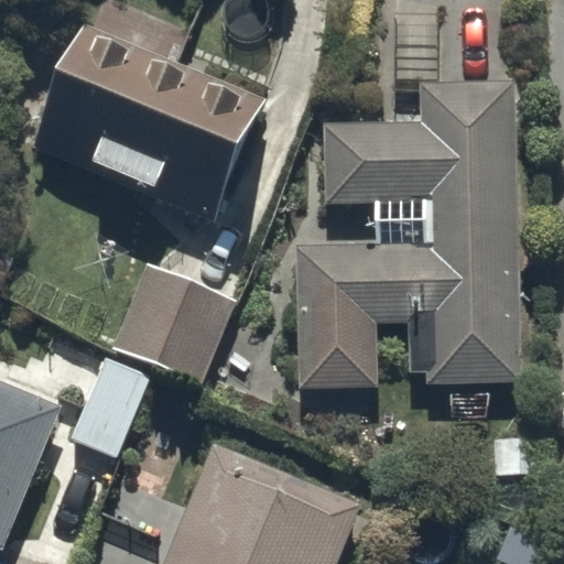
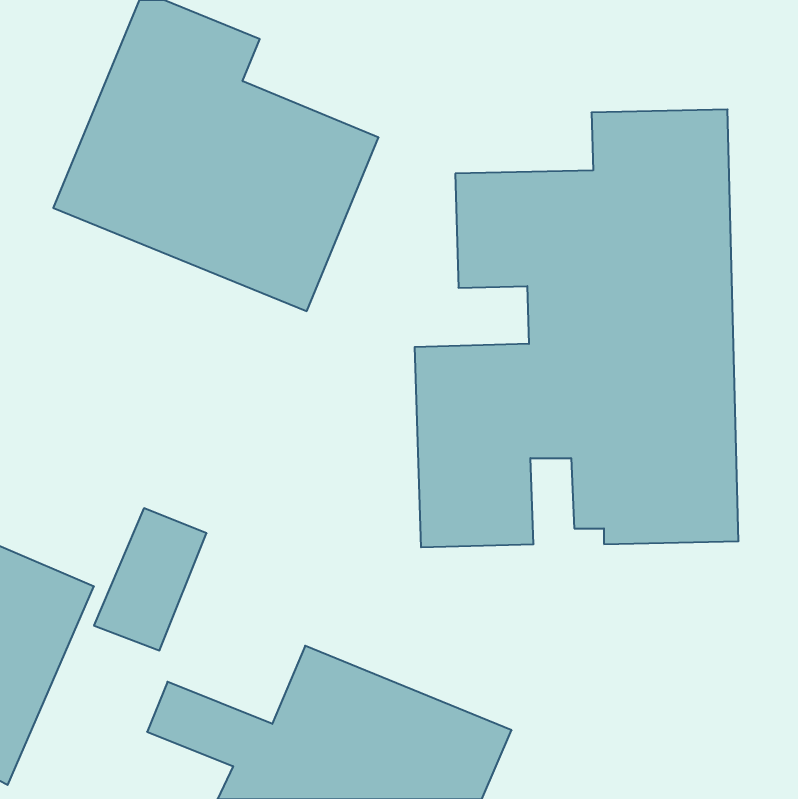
building: [112,262,239,388] -> none

